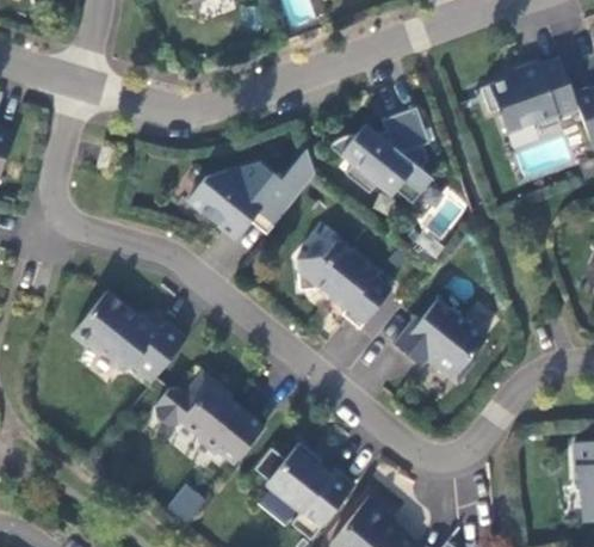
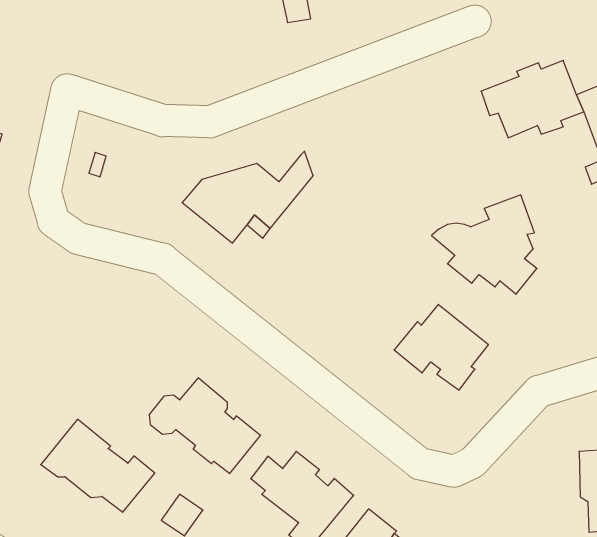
building: [329,106,432,203] -> [432,195,537,294]
building: [296,239,391,328] -> none
building: [80,281,191,371] -> [41,419,155,512]

